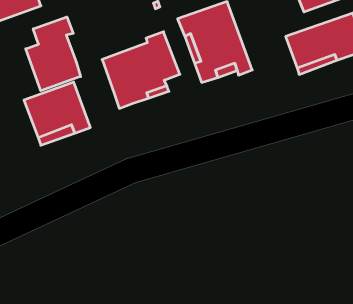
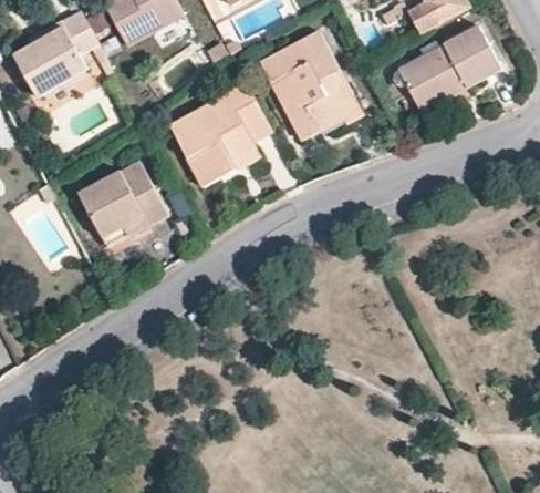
building: [26,17,81,91] -> none

